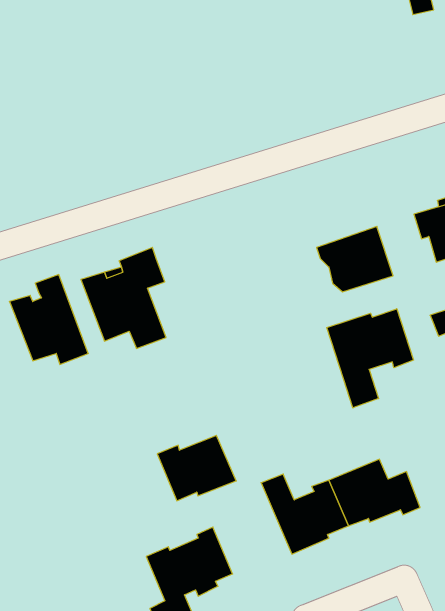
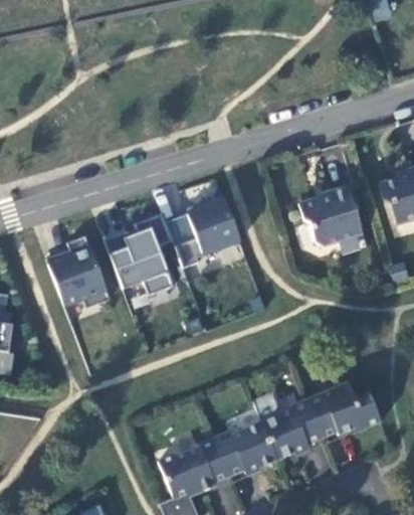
building: none -> [166,193,241,267]
building: [327,309,413,408] -> none
building: [157,435,236,501] -> [212,424,276,478]

